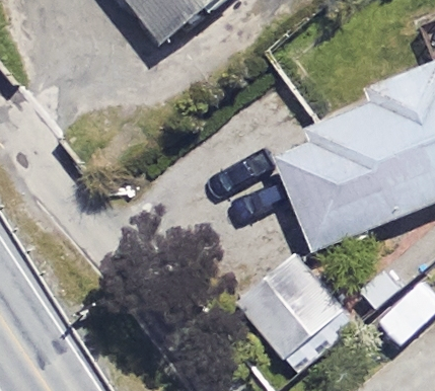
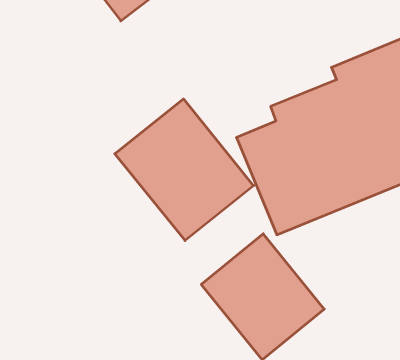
building: none -> [115,99,254,241]

